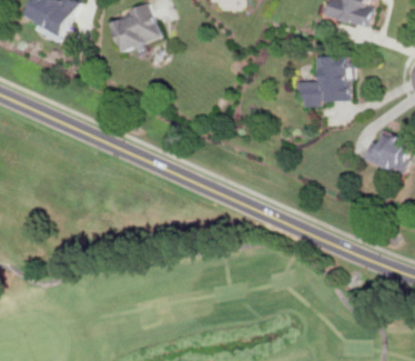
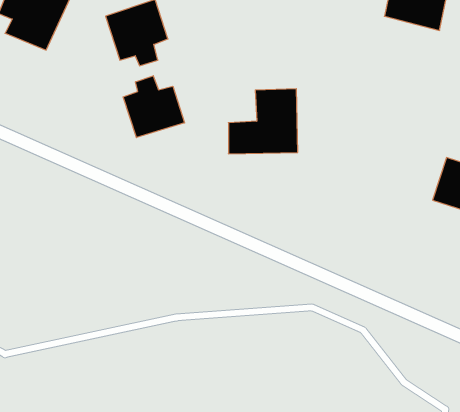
building: [296,54,351,106] -> [228,89,298,154]
building: none -> [123,76,185,138]

